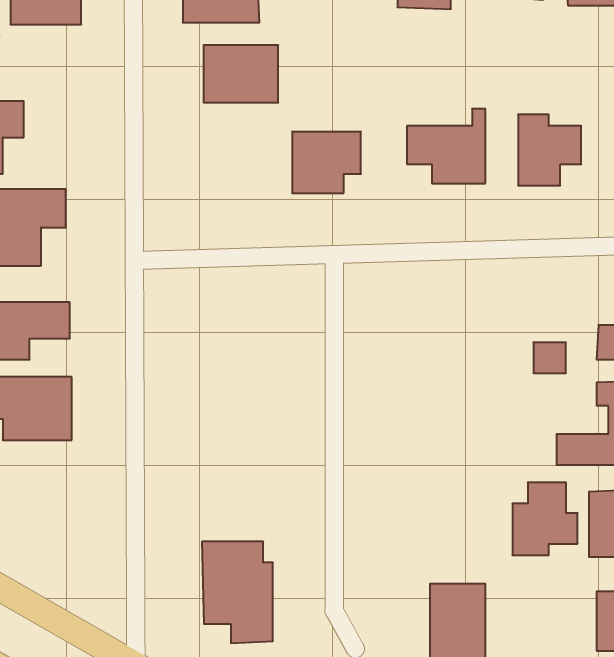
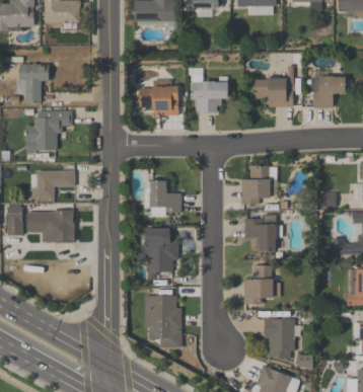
building: [204,45,278,103] -> [139,84,178,114]
building: none -> [241,164,277,204]
building: none -> [144,179,181,215]
building: none -> [244,215,279,249]
building: none -> [145,227,176,279]
building: [512,482,578,555] -> [244,264,279,303]

